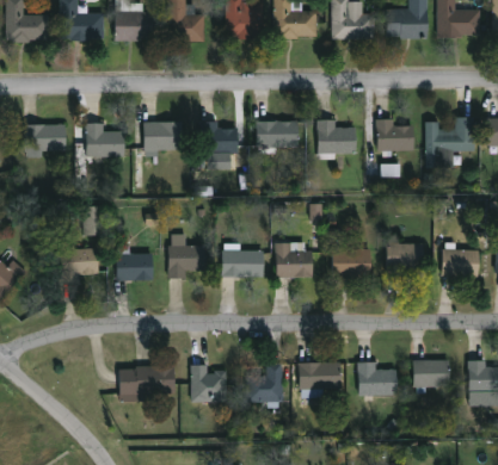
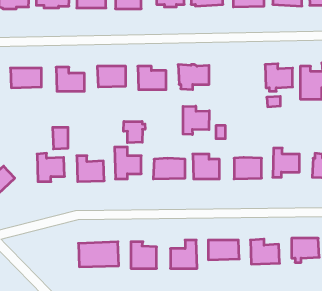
building: [318,119,357,159] -> none
building: none -> [183,106,209,135]
building: none -> [124,121,145,143]

